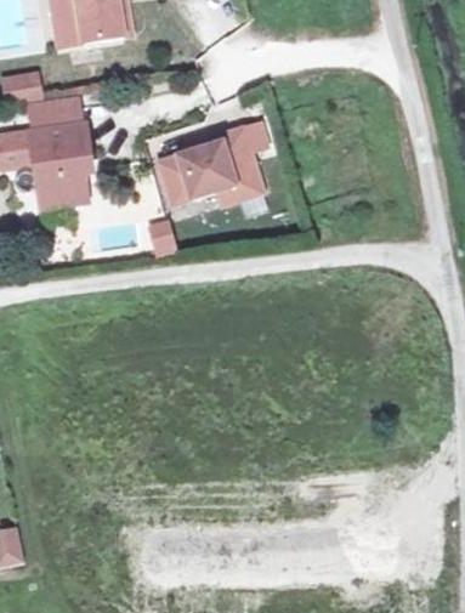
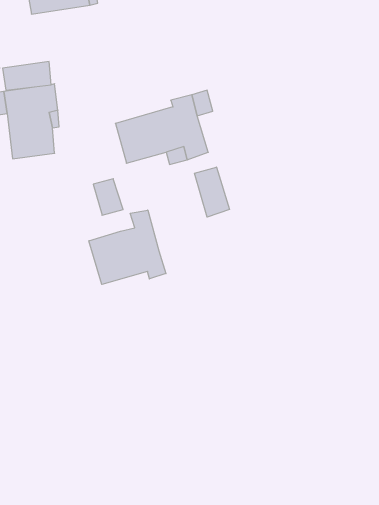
building: none -> [194,167,230,217]
building: none -> [89,210,166,284]

